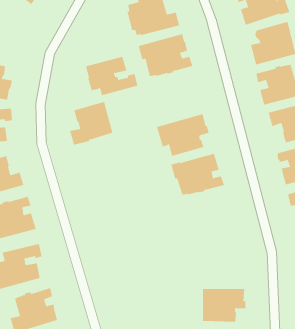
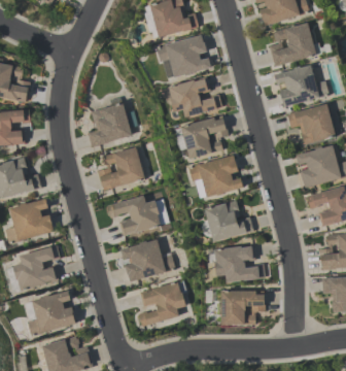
building: [85,56,138,96] -> [169,76,222,116]
building: none -> [98,146,145,190]
building: none -> [107,195,168,235]
building: none -> [203,200,254,241]
building: none -> [120,239,176,281]
building: none -> [209,244,266,282]
building: none -> [139,281,186,326]

